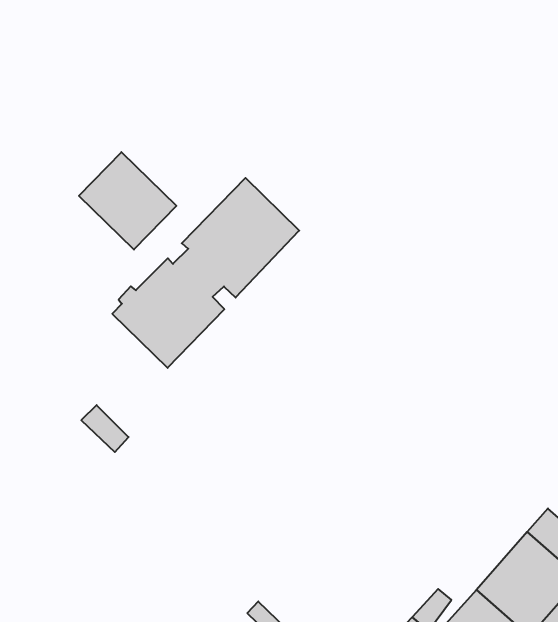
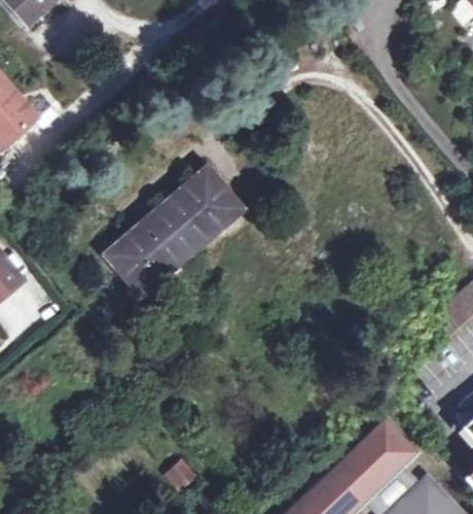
building: [79,152,176,250] -> none

